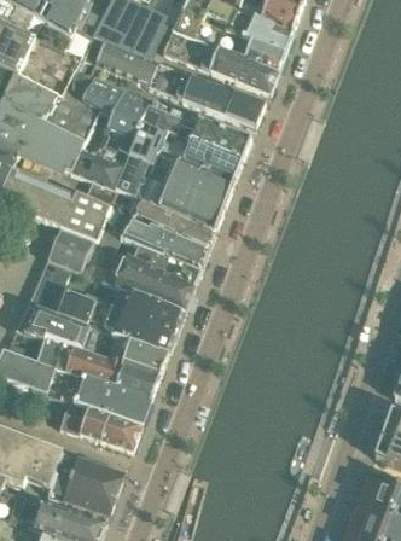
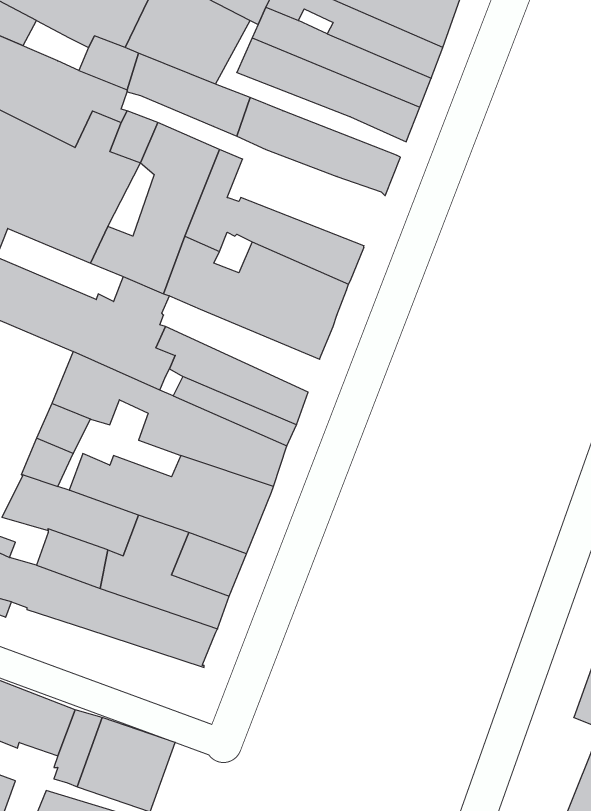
building: [156,105,250,159] -> none
building: [114,199,214,251] -> none
building: [59,400,141,449] -> none

